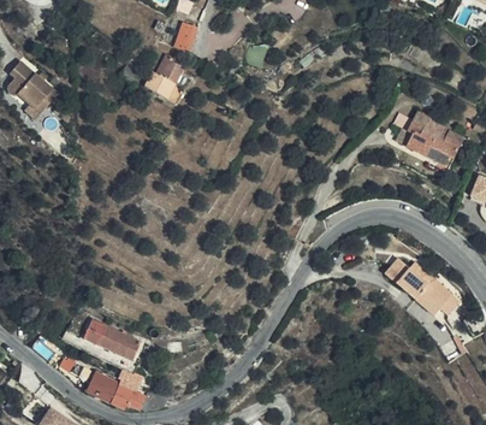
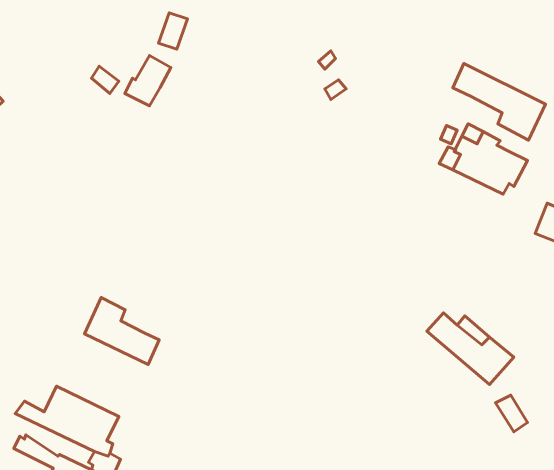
building: none -> [453,64,546,140]
building: none -> [85,298,159,364]

